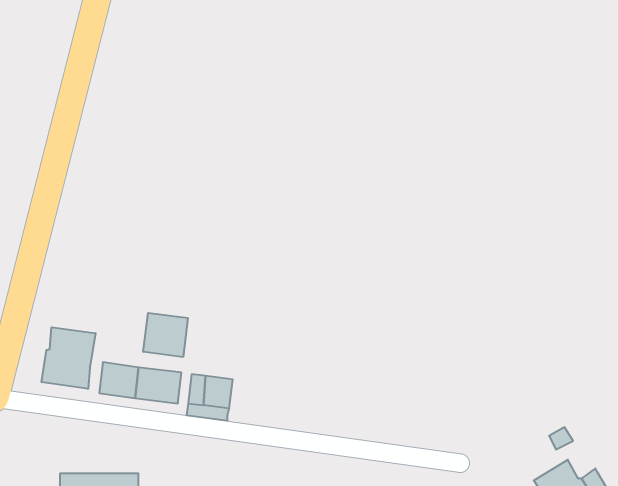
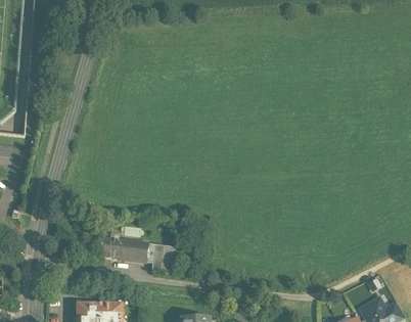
building: [143,313,188,357] -> none
building: [42,327,96,389] -> none

